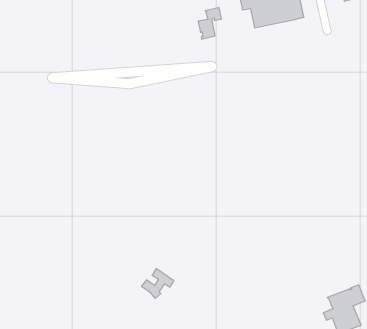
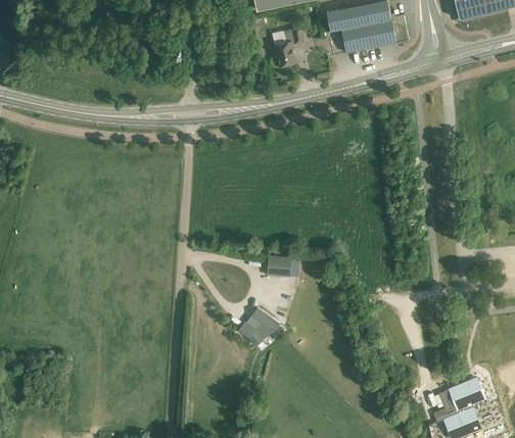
building: none -> [267,256,291,277]
building: [142,269,174,298] -> [238,308,279,346]

